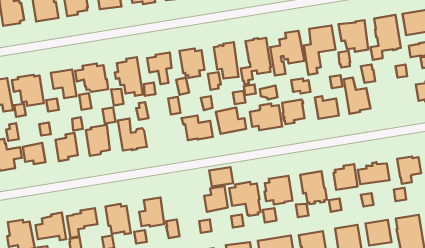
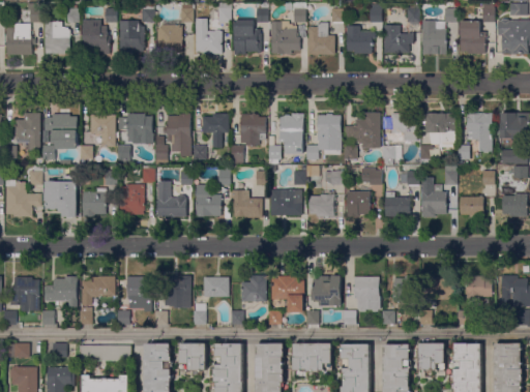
building: none -> [460,194,483,215]
building: none -> [196,184,220,215]
building: [209,167,233,187] -> [204,277,229,296]

